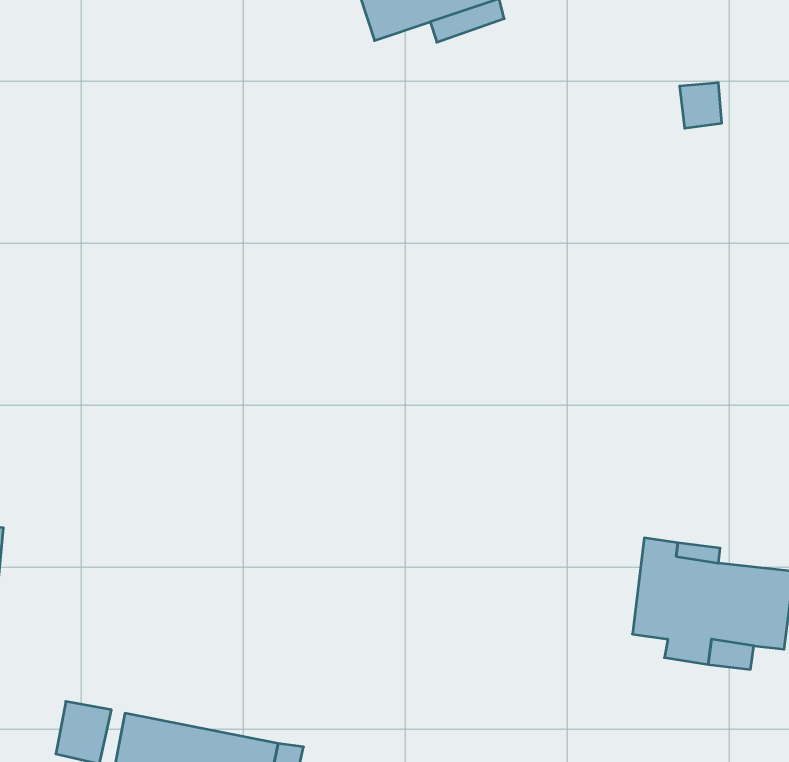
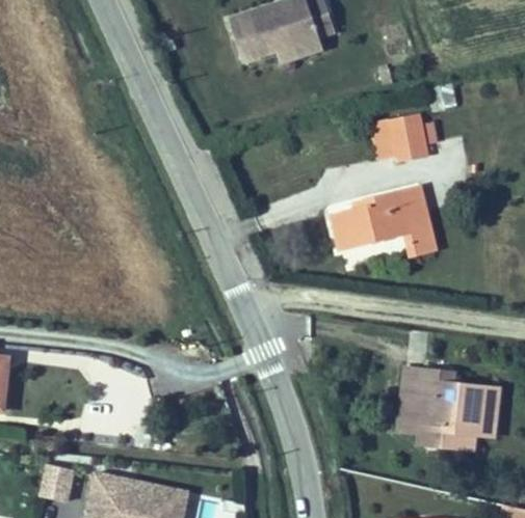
building: none -> [368,118,427,162]
building: none -> [333,185,437,251]

